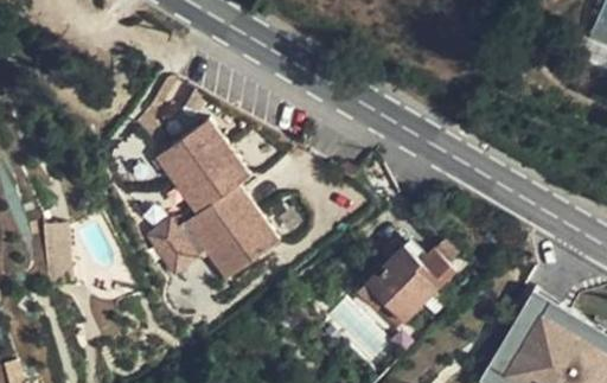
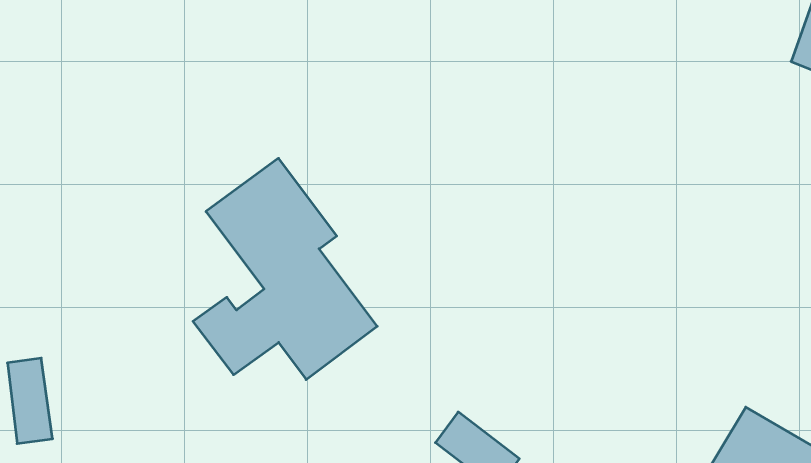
building: [41,225,75,288] -> [7,358,53,444]
building: [356,247,452,331] -> none

